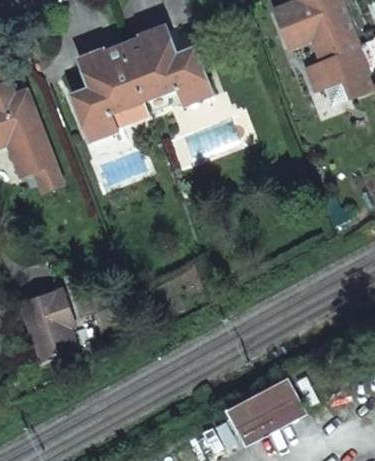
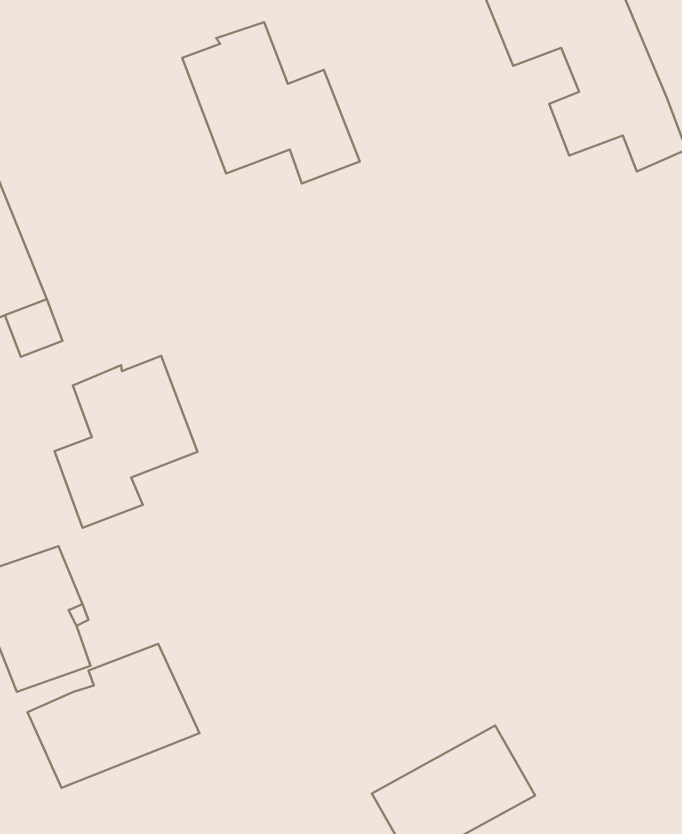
building: [71,42,145,141] -> none
building: none -> [54,356,198,528]
building: none -> [27,644,200,788]

